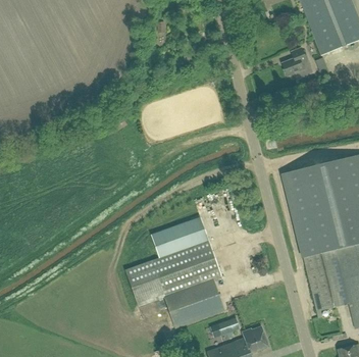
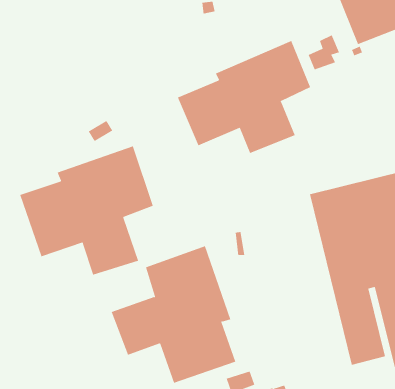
building: none -> [177,40,311,154]
building: none -> [19,146,153,275]

